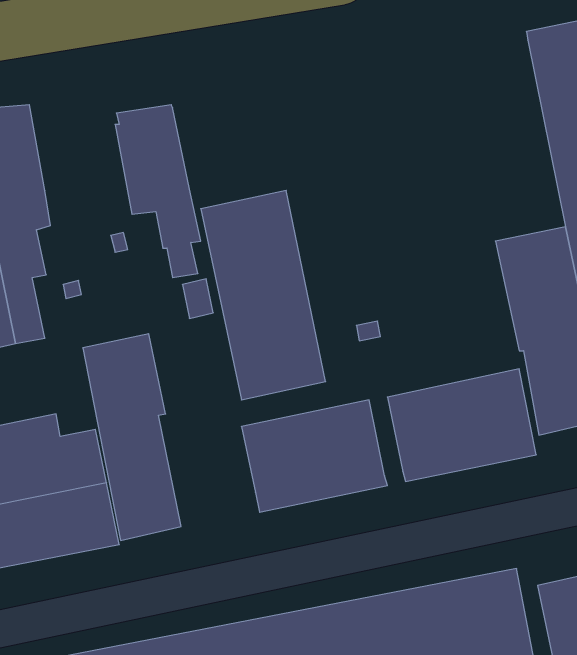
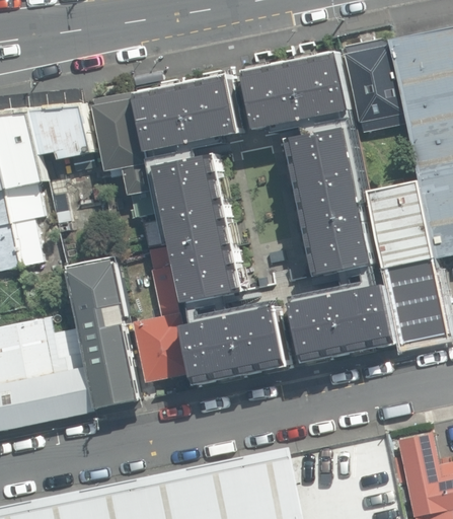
building: none -> [343,40,404,130]
building: none -> [241,52,347,132]
building: none -> [133,75,241,154]
building: none -> [29,85,92,159]
building: none -> [284,129,373,279]
building: none -> [131,246,193,383]

